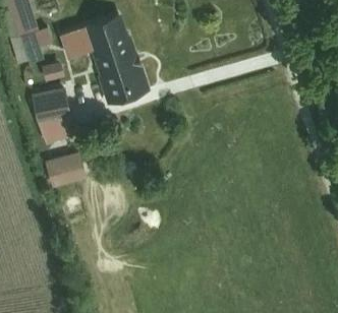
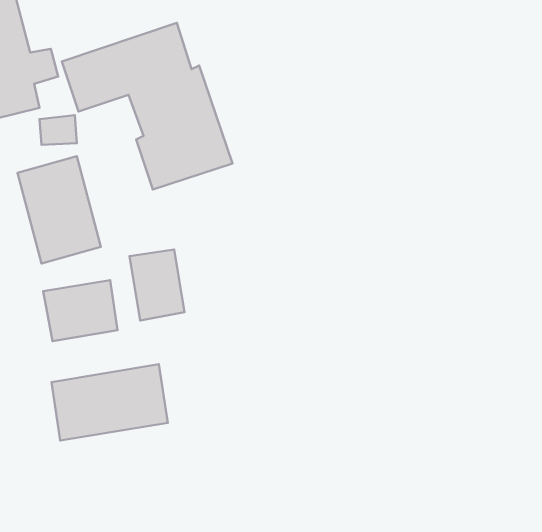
building: none -> [129,250,184,320]
building: none -> [51,364,168,441]

